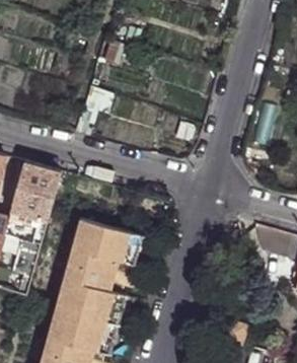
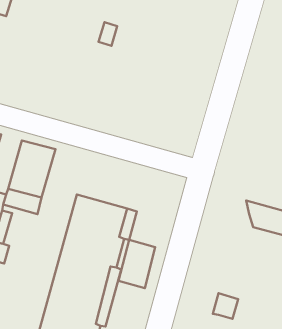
building: none -> [119,240,155,288]

